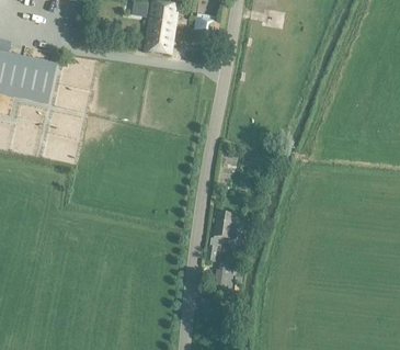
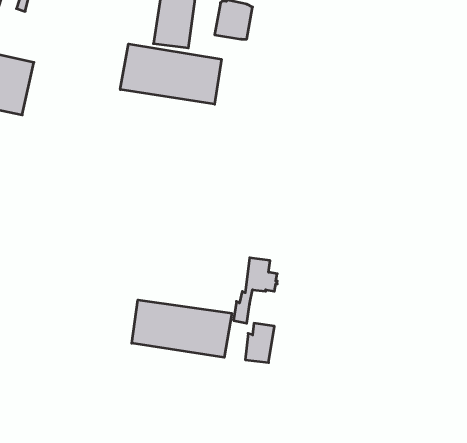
building: none -> [120,44,221,104]
building: none -> [132,300,232,357]

